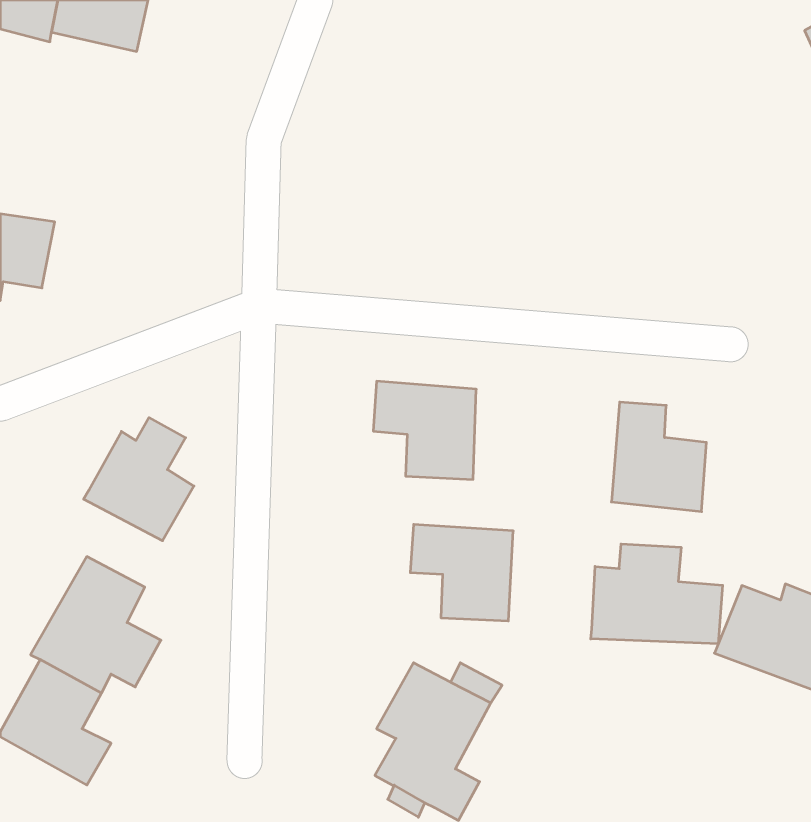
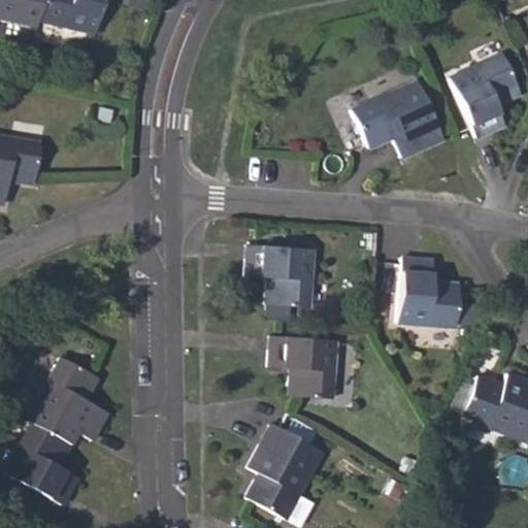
building: none -> [450,54,522,138]
building: none -> [354,81,443,158]
building: [84,418,194,541] -> none
building: [591,544,723,644] -> none

